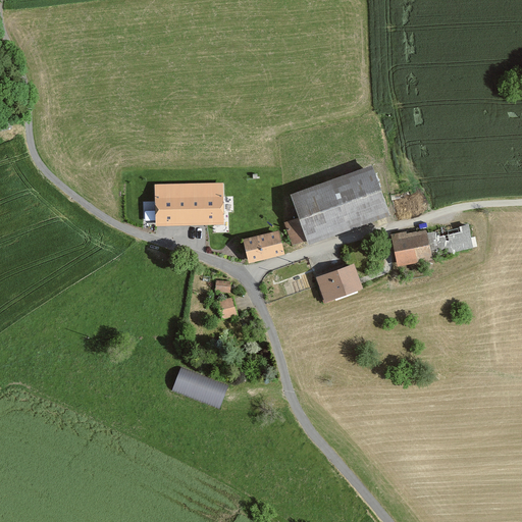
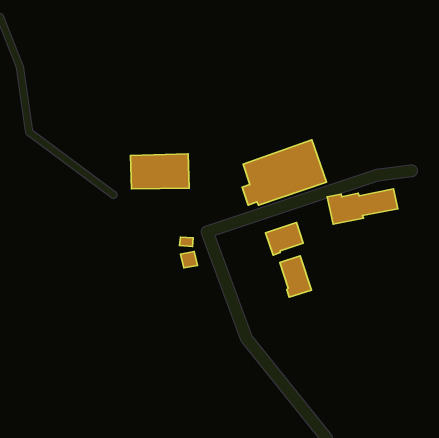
building: [243,229,283,261] -> none
building: none -> [280,256,312,297]
building: [172,367,228,408] -> none

